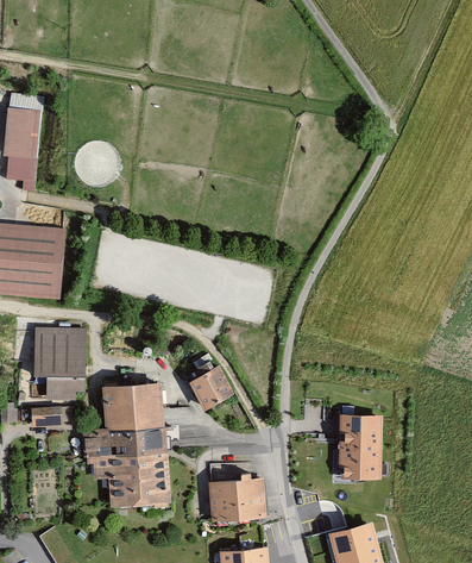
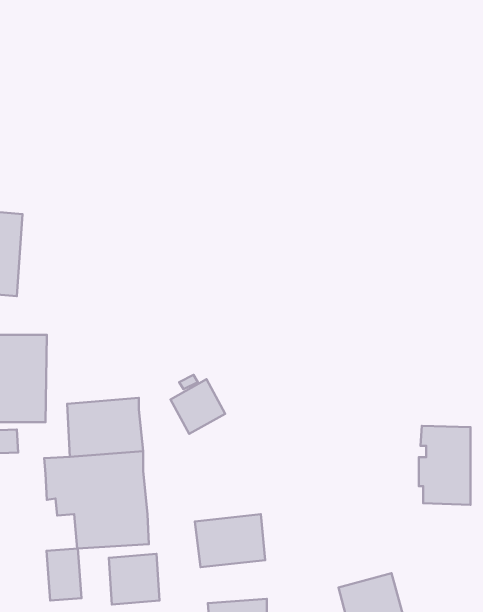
building: [338,418,380,483] -> [419,426,471,505]
building: none -> [46,549,82,600]
building: none -> [109,554,160,604]

